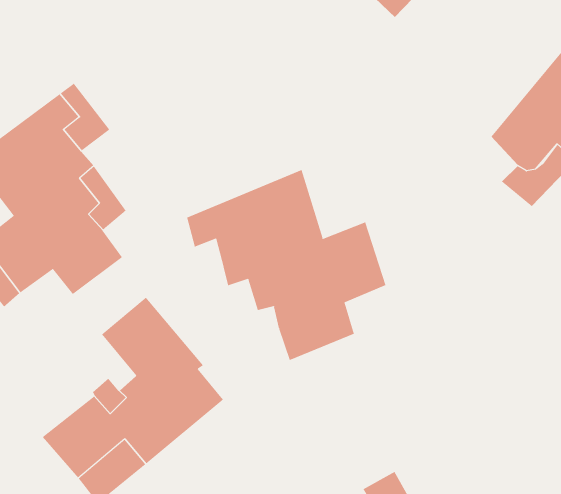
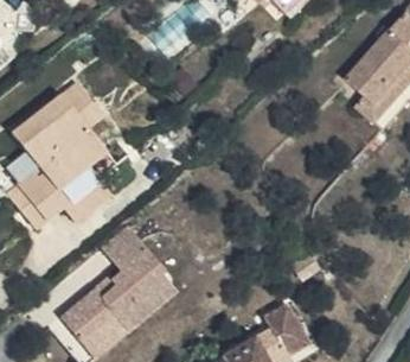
building: [187,169,386,361] -> none

